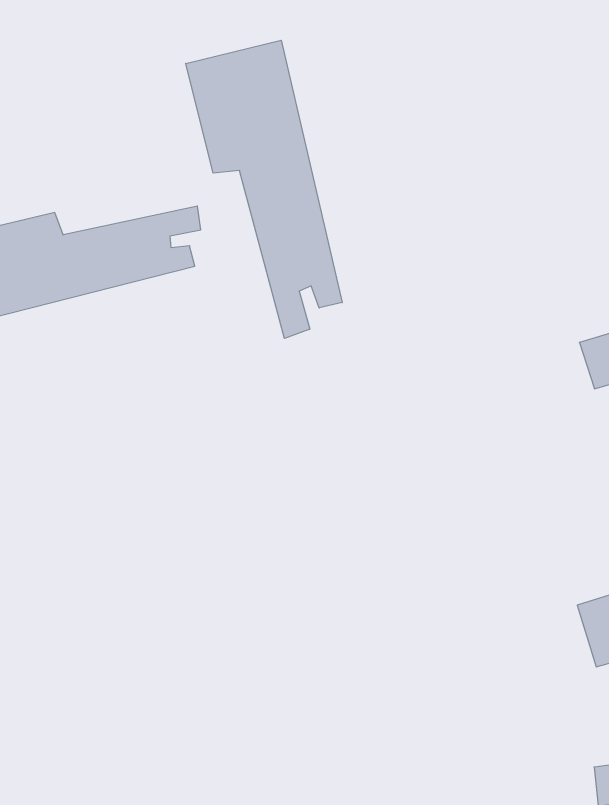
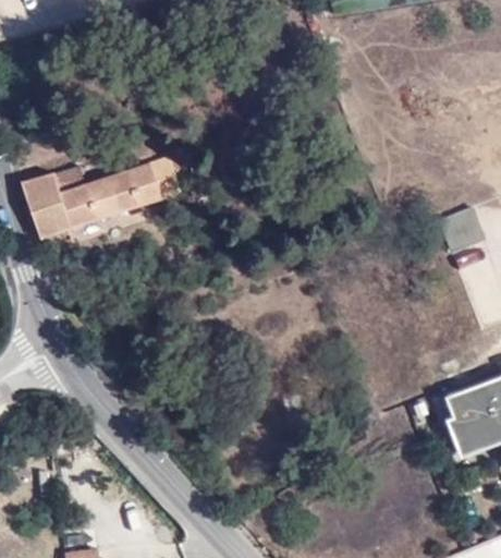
building: [186,40,342,338] -> none

